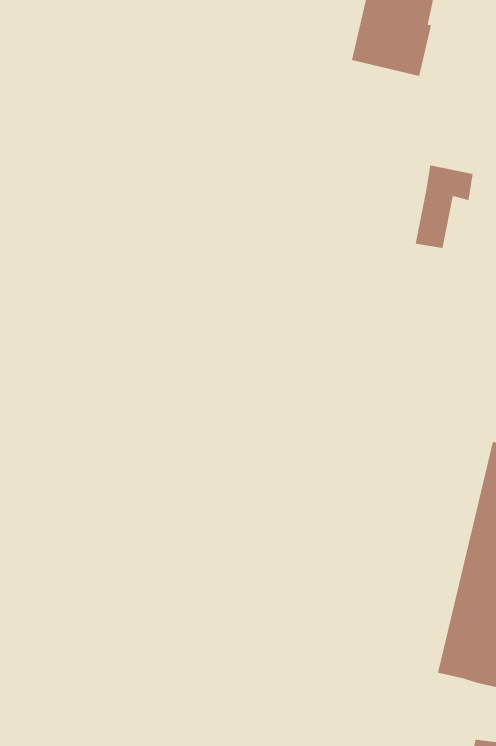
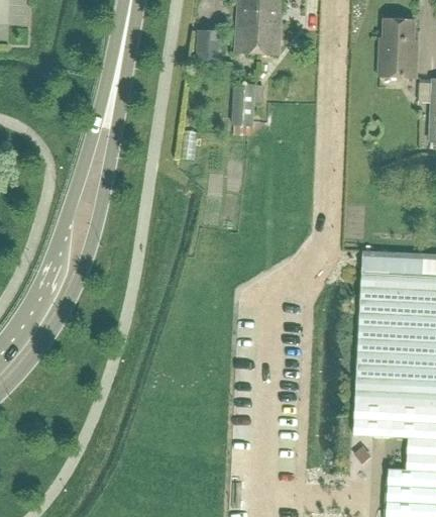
building: none -> [196,32,221,66]
building: [415,165,474,249] -> [233,85,262,135]

